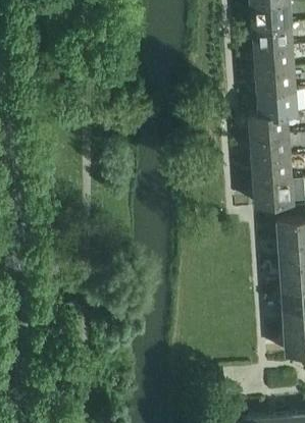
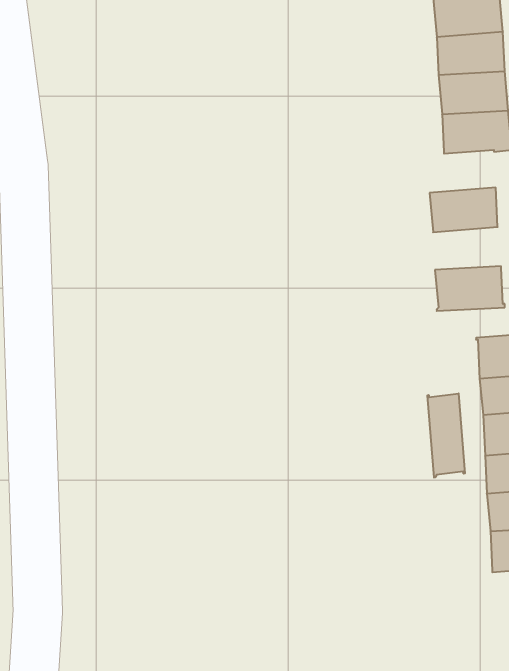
building: [248,113,288,138] -> none
building: [252,157,291,181] -> none
building: none -> [427,393,465,478]

